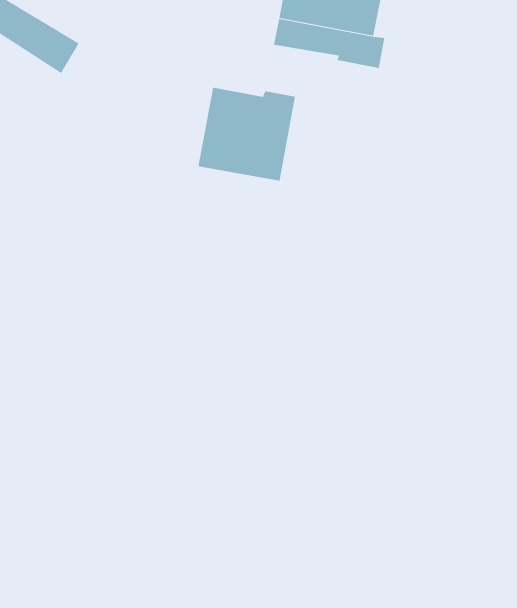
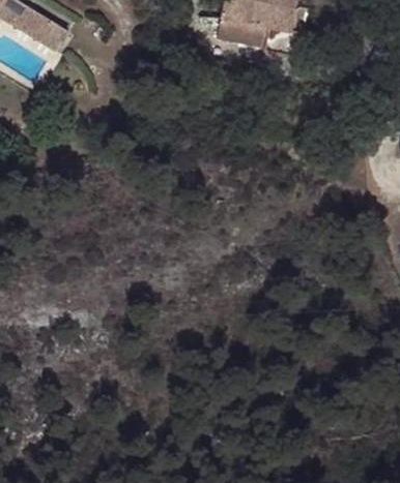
building: [198,87,295,181] -> none

